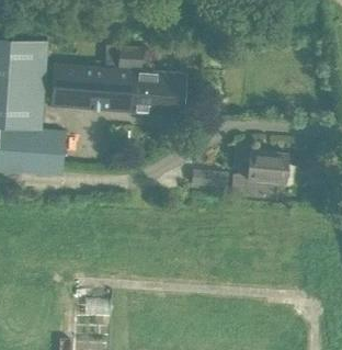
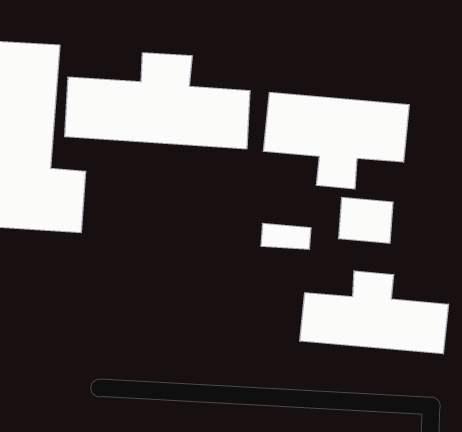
building: none -> [263,92,409,189]
building: none -> [300,271,448,354]

